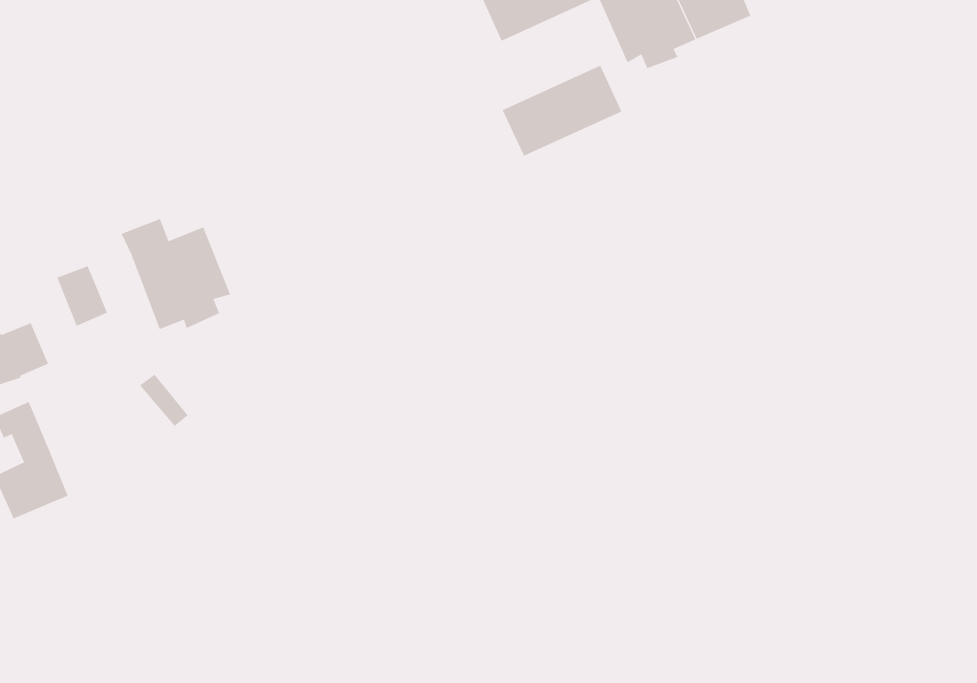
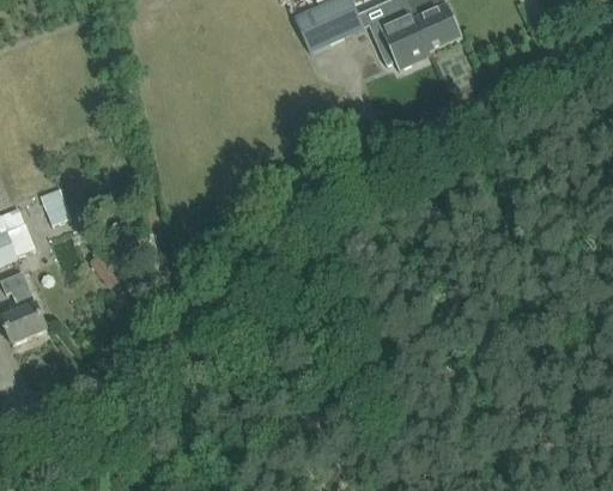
building: [502,65,622,157] -> none
building: [121,218,231,330] -> none

